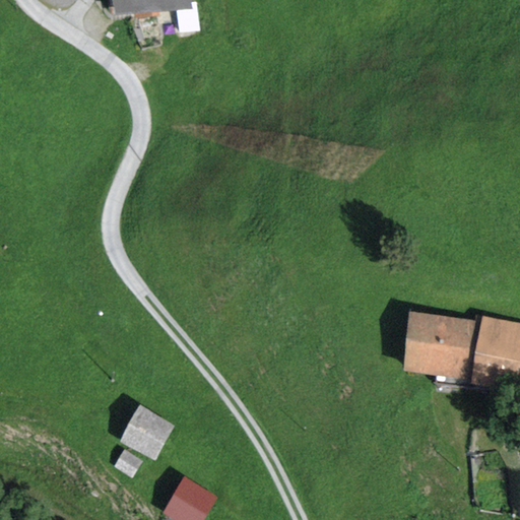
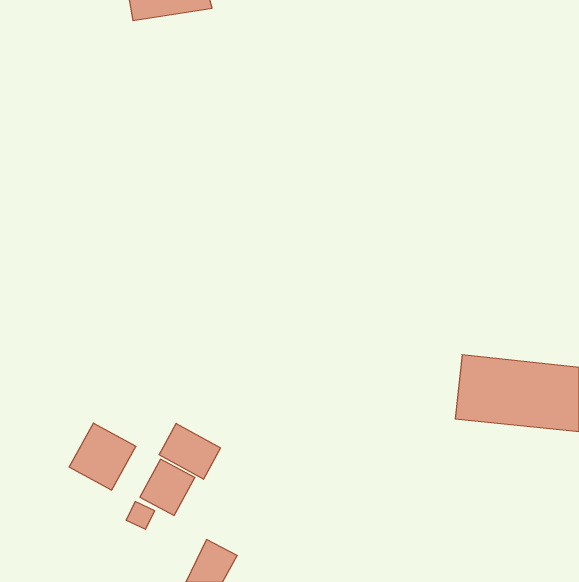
building: none -> [69,423,136,490]
building: none -> [159,423,220,479]

